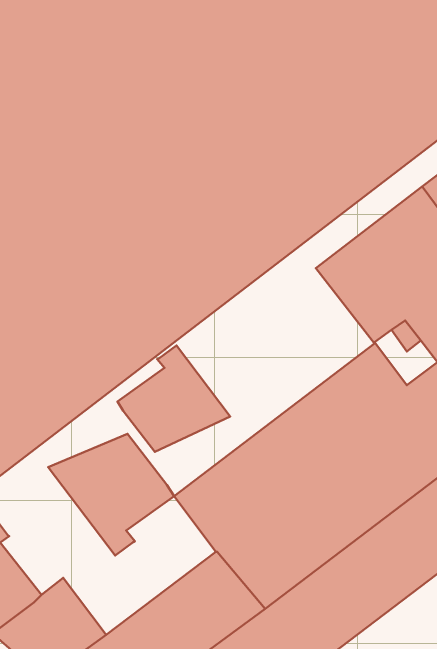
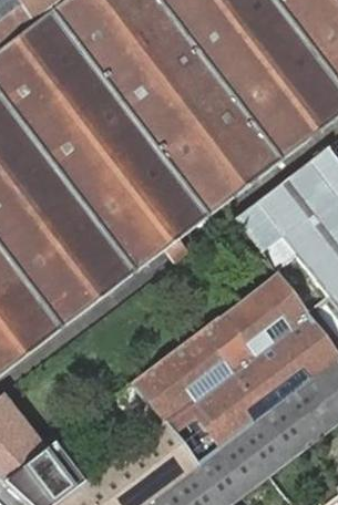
building: [118,345,230,452] -> none
building: [48,434,174,555] -> none

